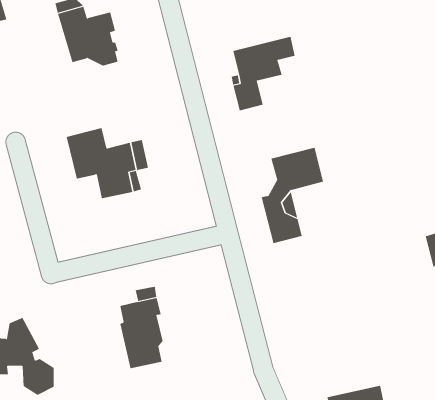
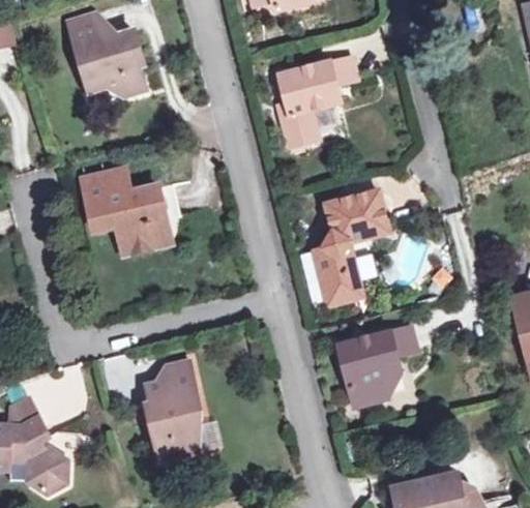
building: none -> [337,327,415,408]

